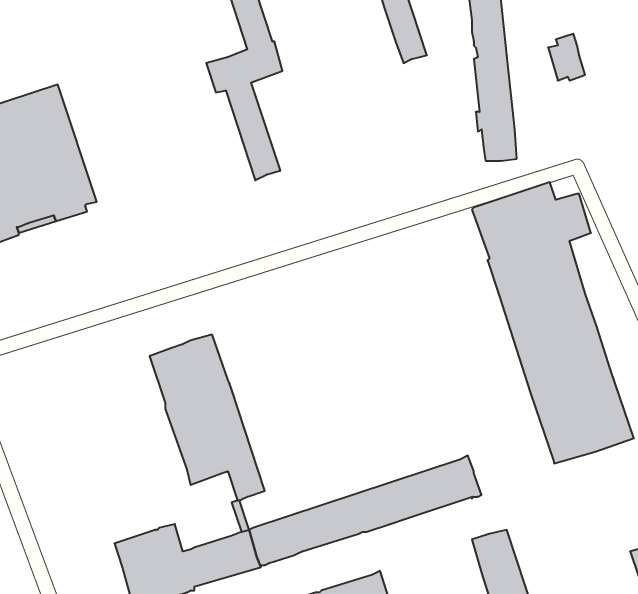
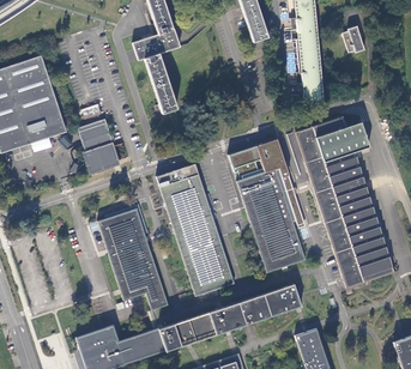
building: none -> [79,119,116,174]
building: none -> [229,139,307,272]
building: none -> [157,163,235,296]

